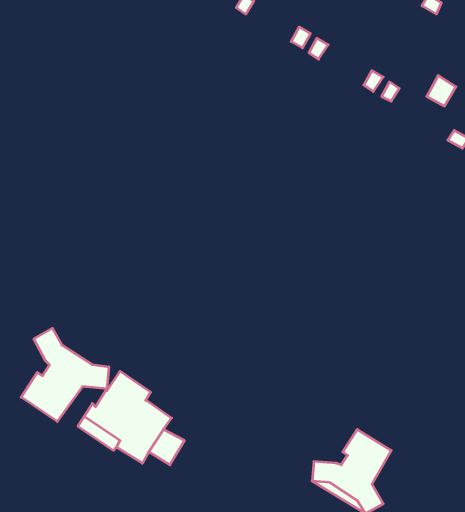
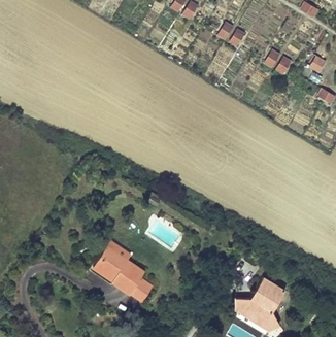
building: [21,328,109,422] -> none

